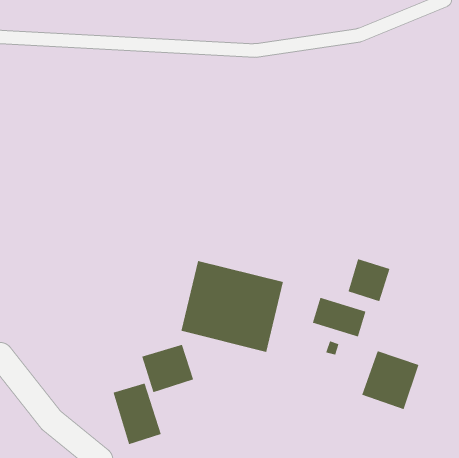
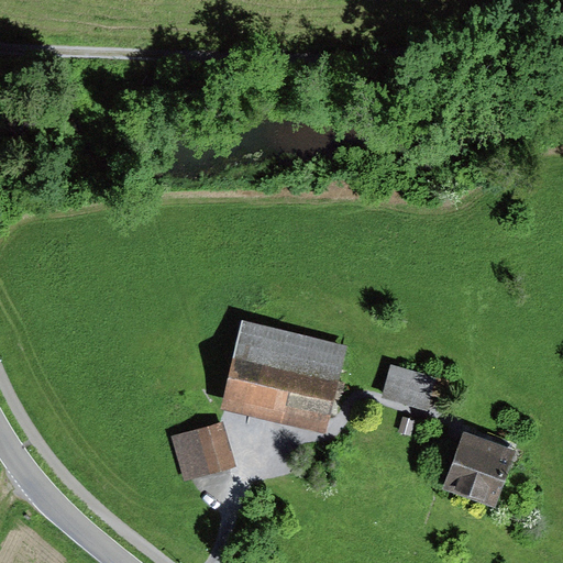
building: [348,258,391,302] -> none
building: [112,382,162,445] -> none

